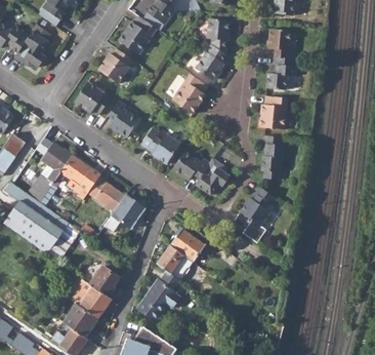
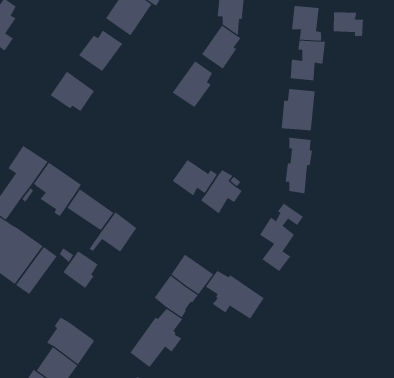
building: none -> [333,11,363,37]
building: [108,101,139,139] -> none
building: [141,129,180,165] -> none
building: none -> [205,270,264,320]
building: [90,266,119,297] -> [63,250,98,289]

